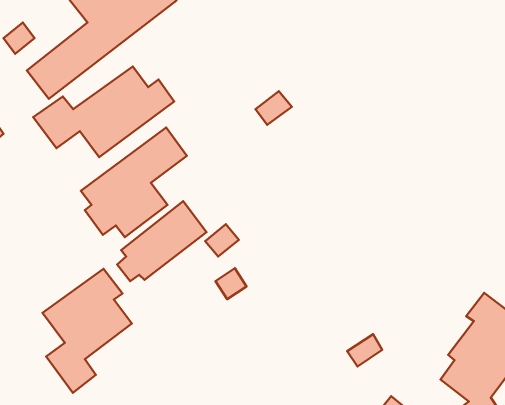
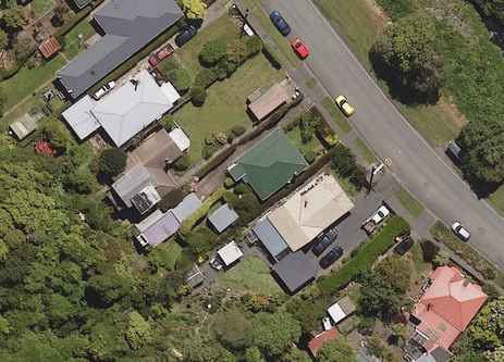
building: none -> [219,127,308,199]
building: none -> [246,170,352,277]
building: [42,269,132,393] -> none

